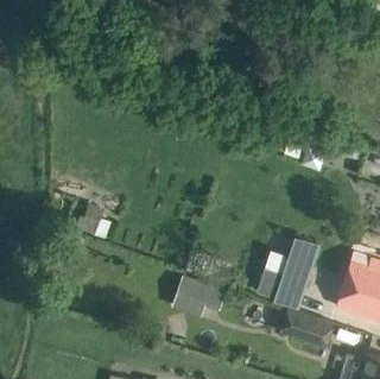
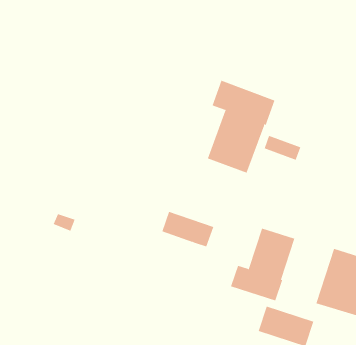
building: none -> [207,80,275,174]
building: [176,274,228,310] -> [161,211,214,247]

